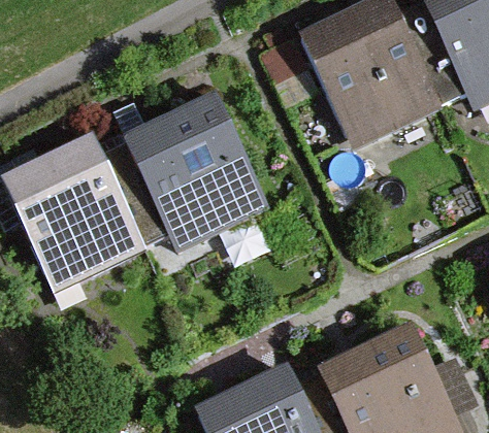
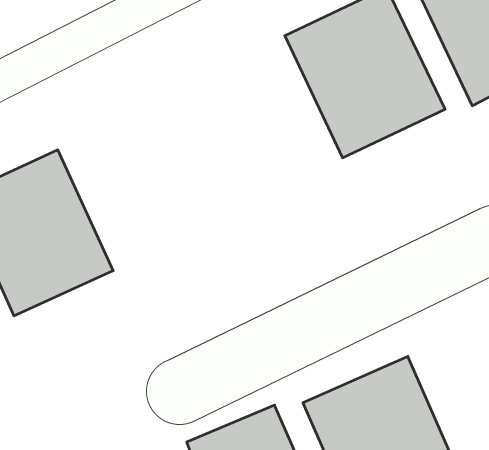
building: [122,92,270,244] -> none

